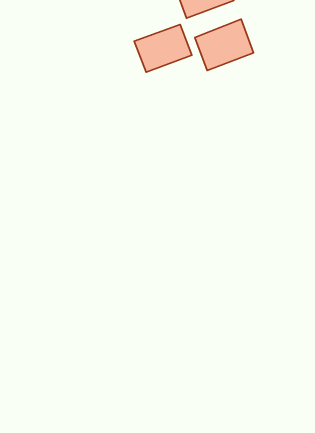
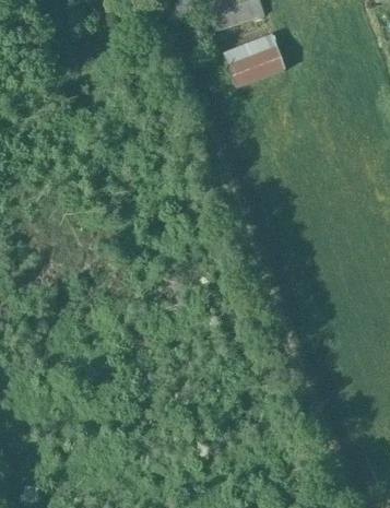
building: [134,25,192,72] -> none

